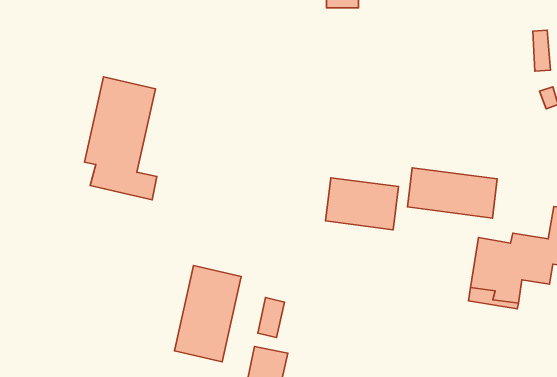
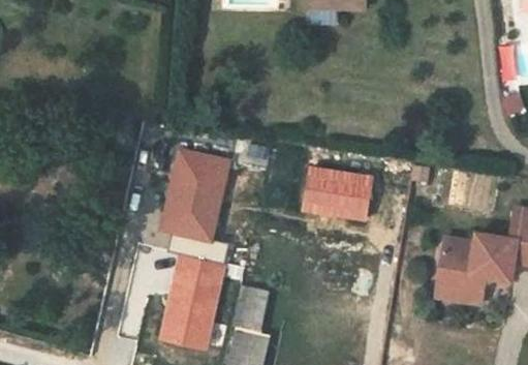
building: [85,77,157,200] -> [162,152,229,267]
building: [408,168,497,218] -> none

